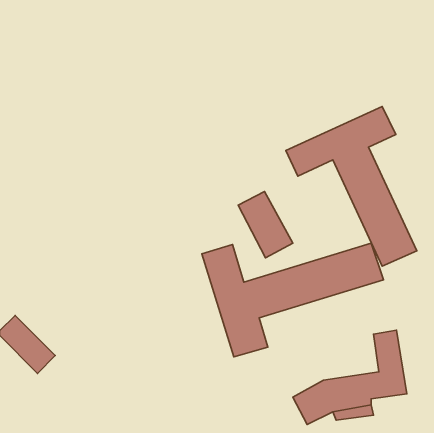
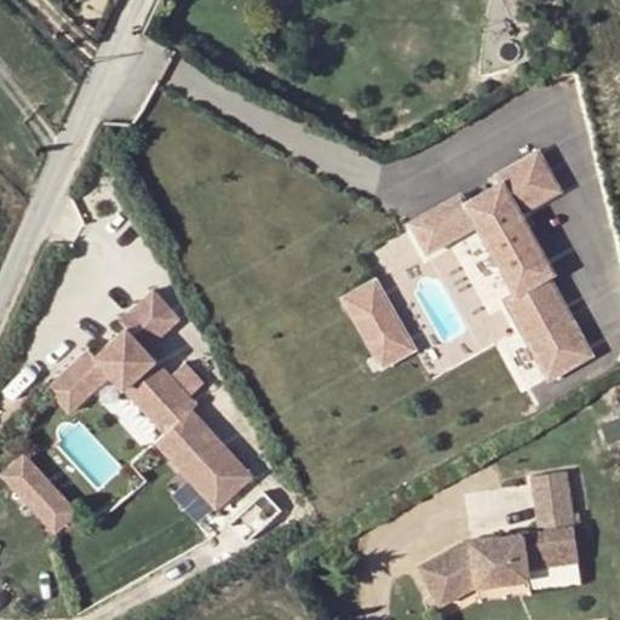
building: none -> [41,292,253,519]
building: [202,243,384,357] -> none

